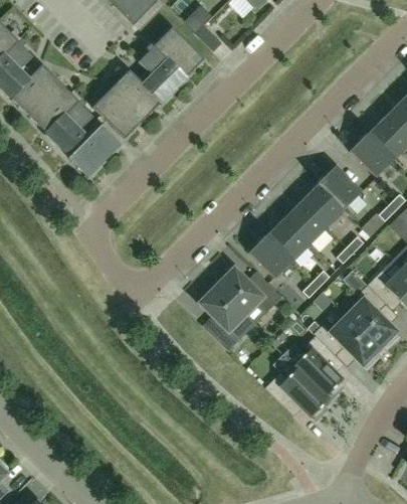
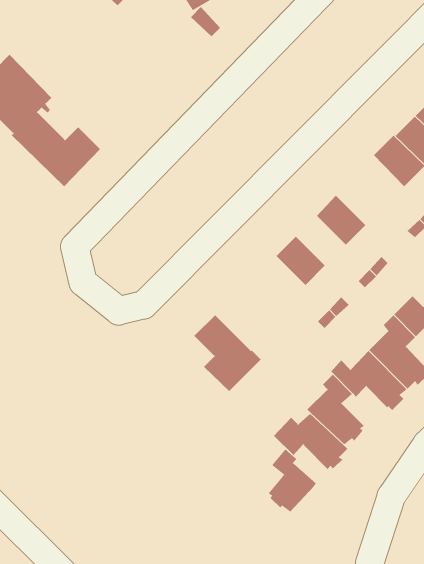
building: [92,27,204,139] -> none
building: [318,165,362,209] -> none
building: [284,201,327,243] -> none
building: [249,234,292,278] -> none
building: [216,267,281,315] -> none
building: none -> [267,449,317,513]

